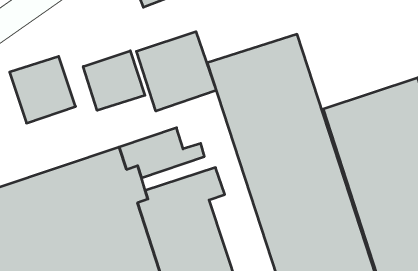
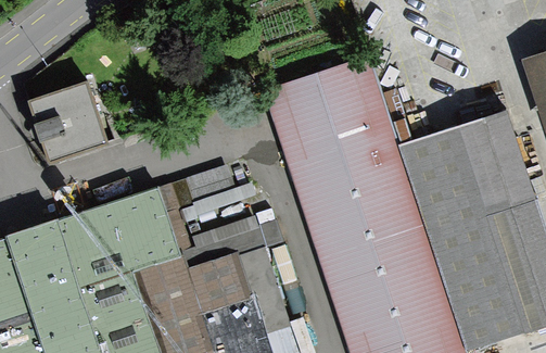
building: [136,32,216,111] -> none
building: [83,51,145,110] -> none

